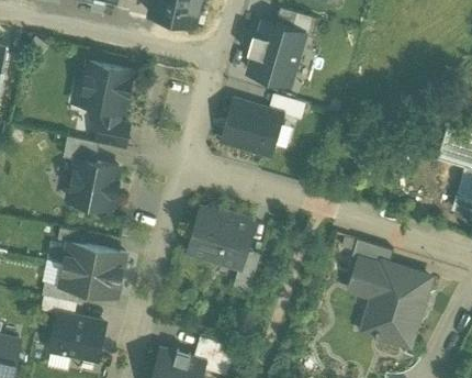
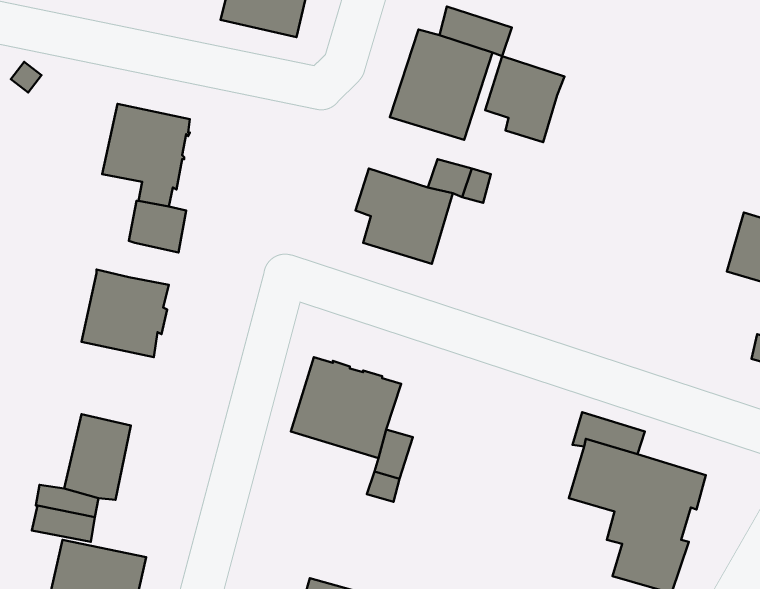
building: none -> [485,56,565,142]
building: [64,136,100,163] -> none
building: [89,248,126,298] -> none

